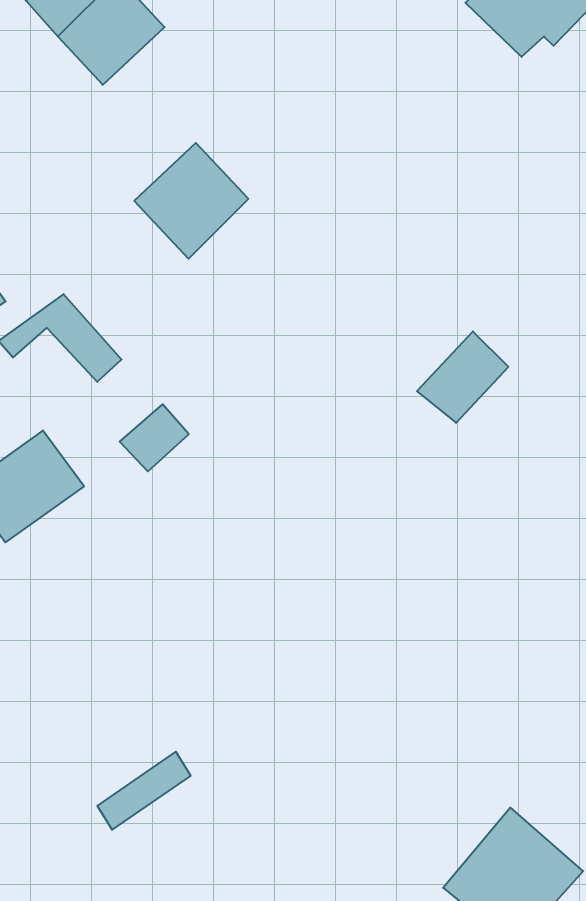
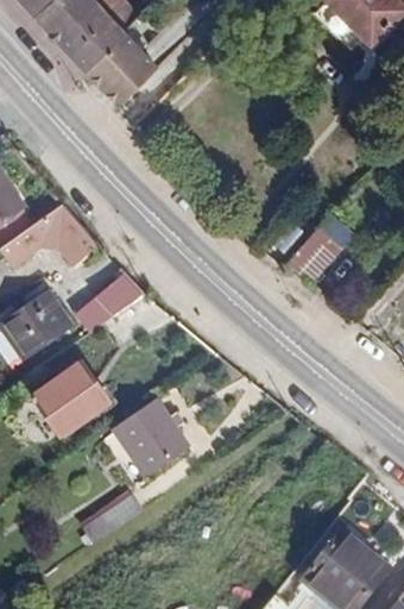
building: [134,143,248,259] -> [84,32,157,106]
building: none -> [32,362,108,435]
building: none -> [109,398,188,477]

